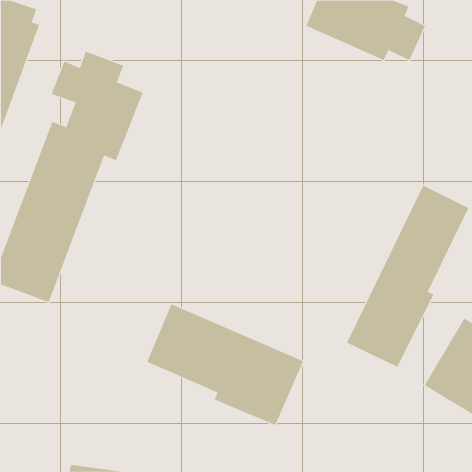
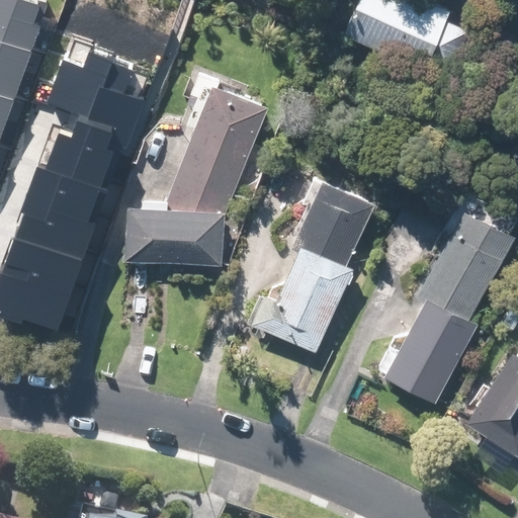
building: none -> [125,85,265,266]
building: none -> [252,177,371,353]
building: [146,303,304,426] -> none

